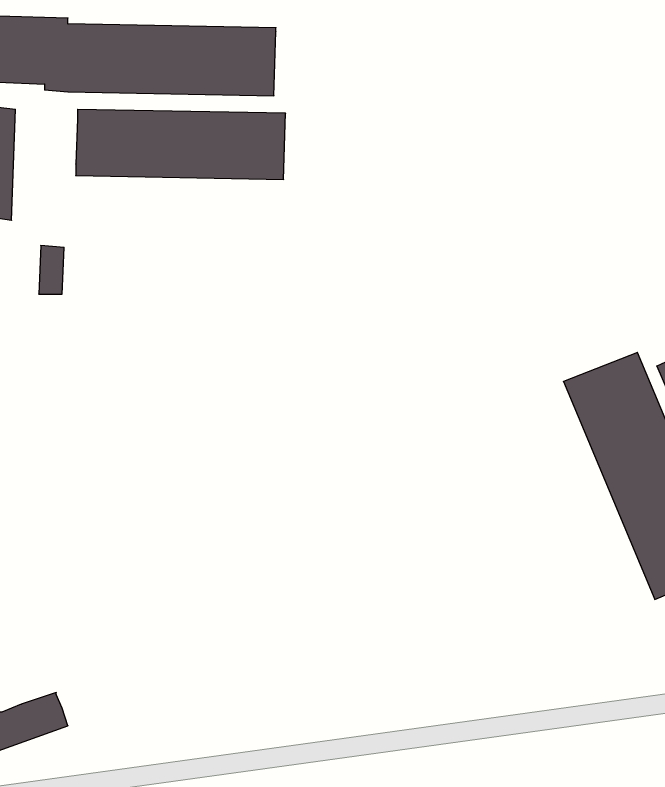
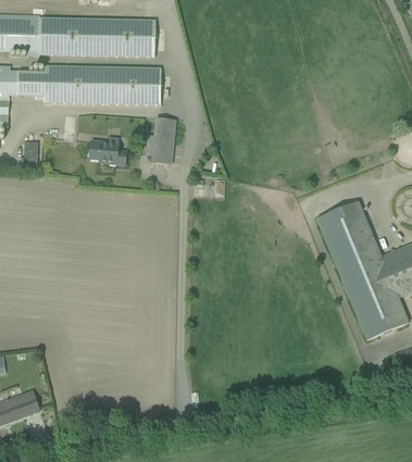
building: none -> [15,70,43,96]
building: none -> [145,117,175,163]
building: none -> [88,137,125,164]

